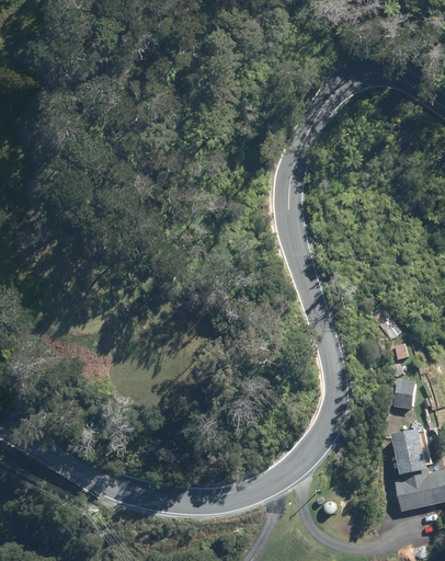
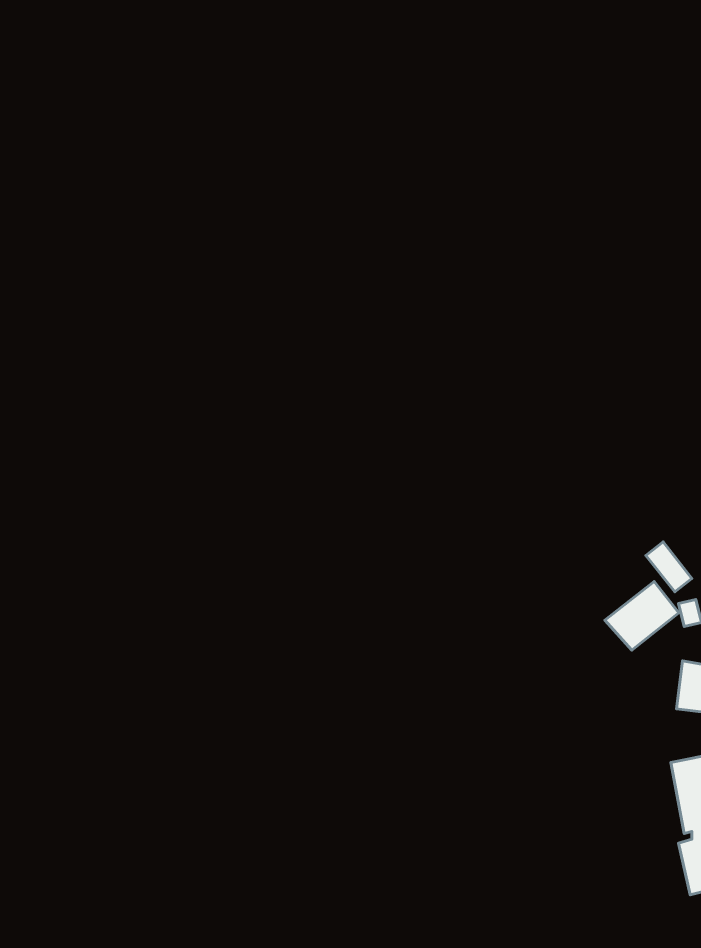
building: none -> [605,581,679,650]

